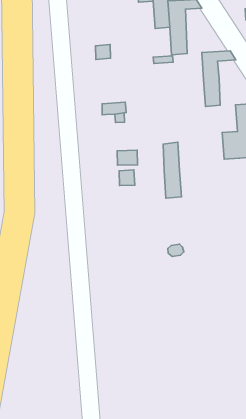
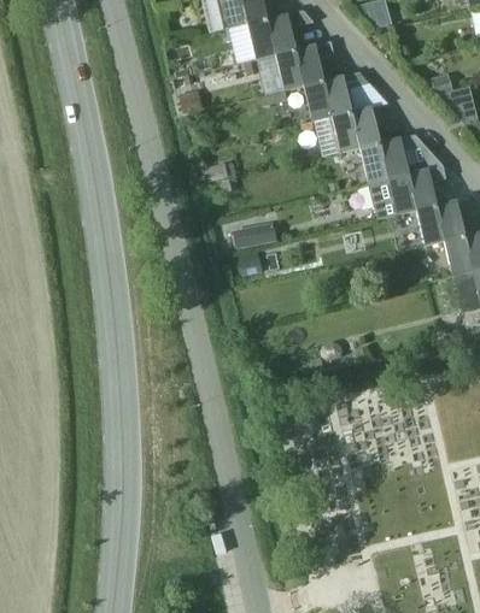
building: none -> [295,41,333,120]
building: [163,142,181,198] -> [351,105,387,182]

